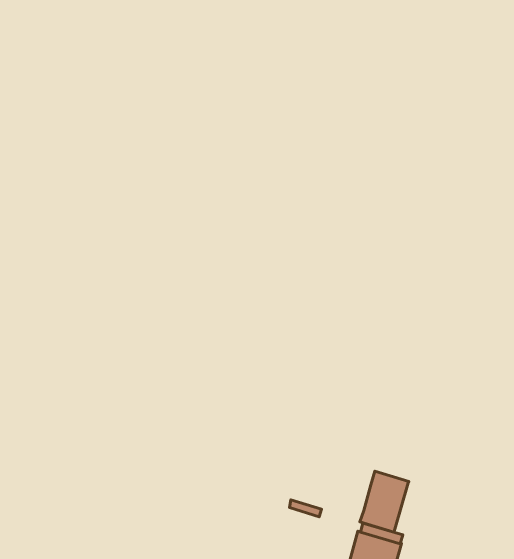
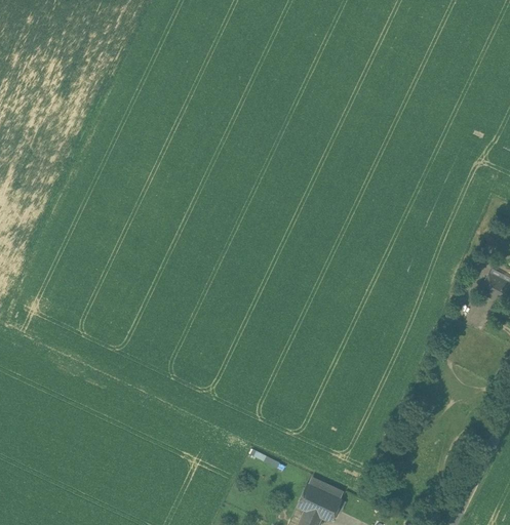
building: [360,471,409,532] -> none

